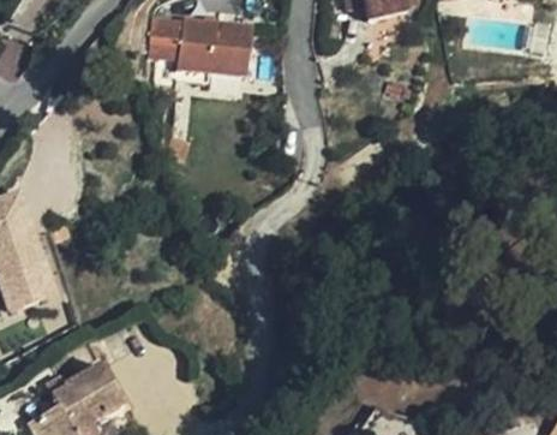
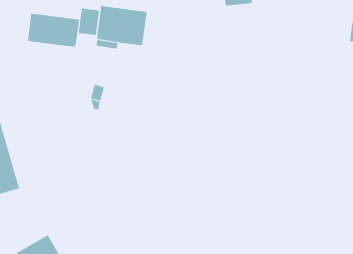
building: none -> [27,13,80,48]

